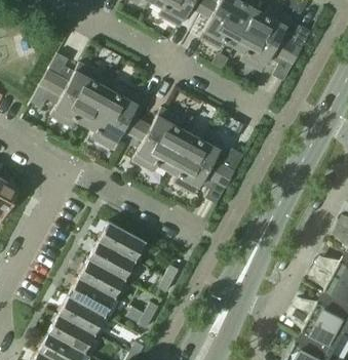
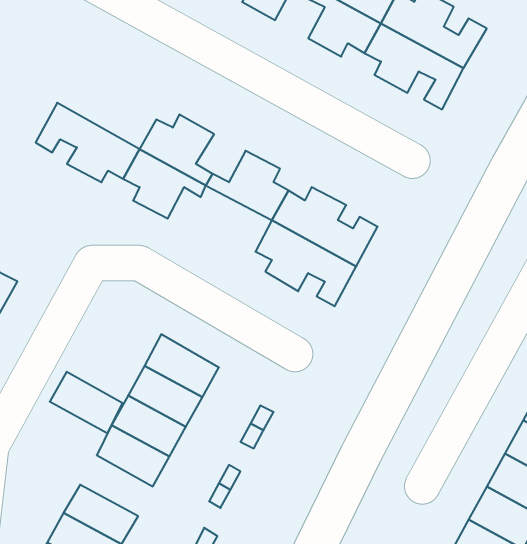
building: [44,53,106,107] -> none
building: [132,129,178,172] -> none
building: [59,296,104,334] -> [50,372,123,433]

